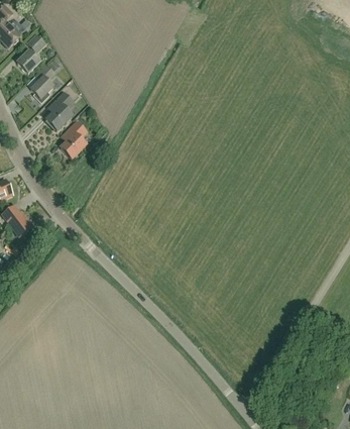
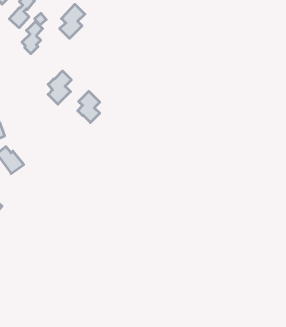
building: [46,92,75,130] -> [60,4,85,38]
building: none -> [78,91,100,123]

